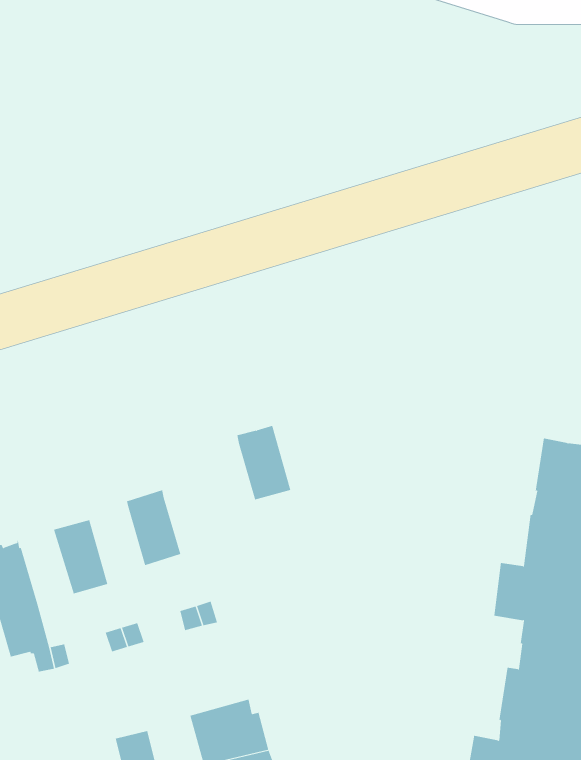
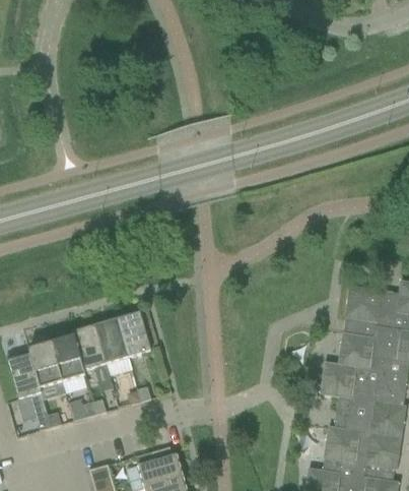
building: [236,425,291,500] -> [118,312,151,358]
building: none -> [71,325,107,376]
building: none -> [29,343,66,395]

